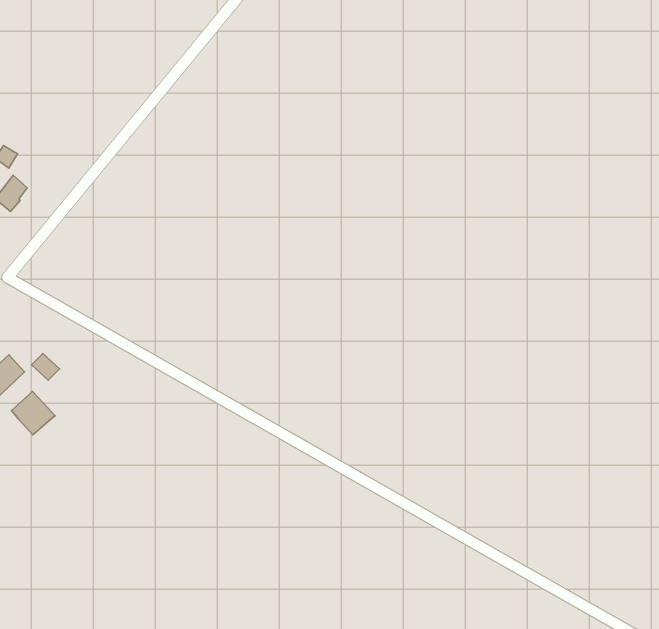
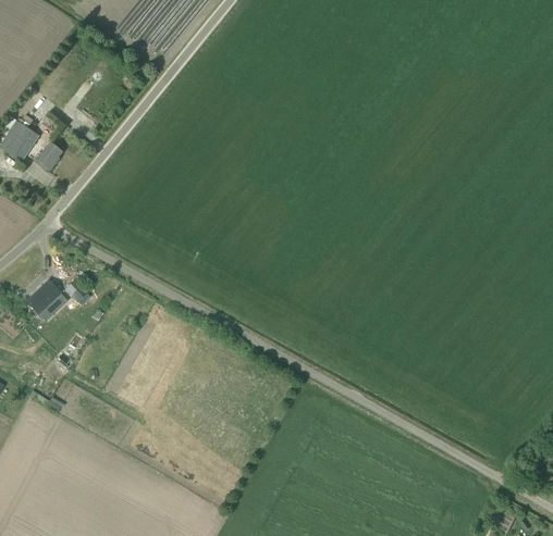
building: [12,391,55,435] -> none

